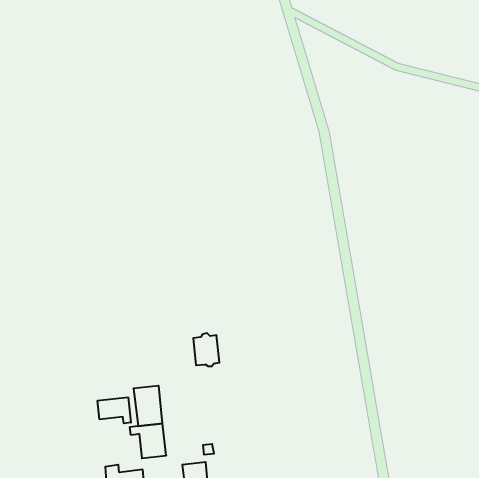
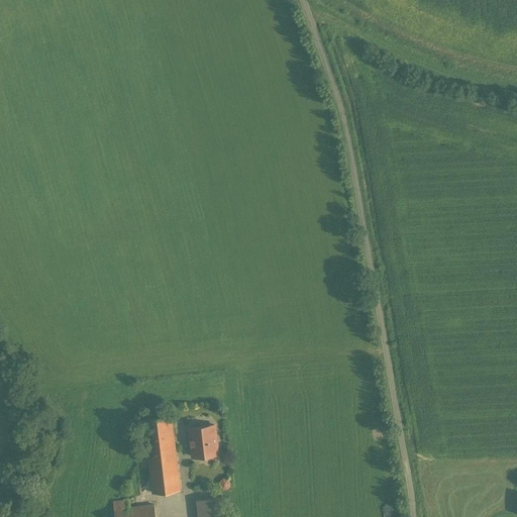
building: [193,333,219,366] -> [190,425,218,460]
building: [98,397,131,423] -> none

